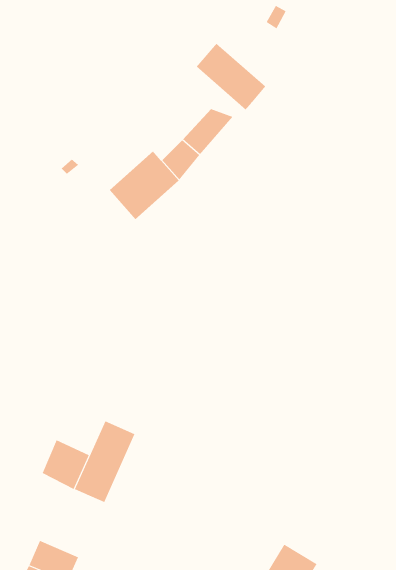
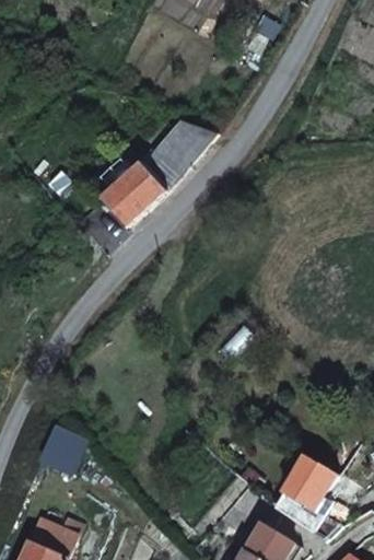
building: [196,43,266,110] -> none
building: [74,421,135,503] -> none
building: none -> [272,455,336,529]

